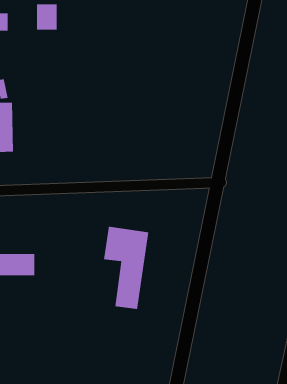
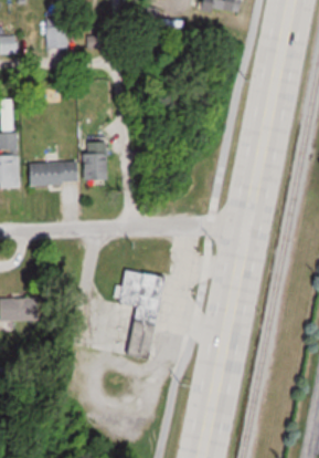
building: none -> [86,142,110,180]
building: none -> [26,162,78,184]

